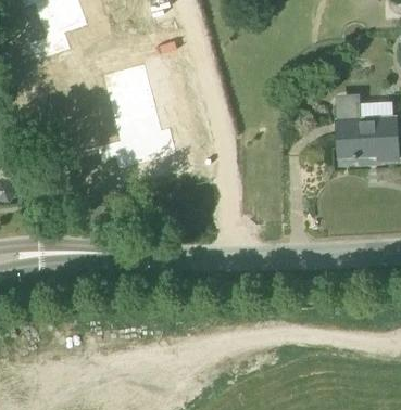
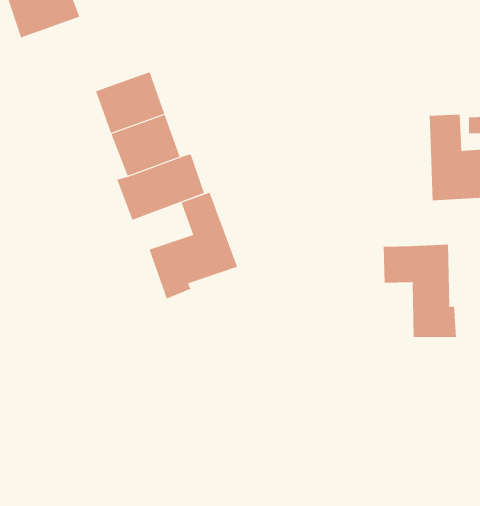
building: none -> [149,192,238,299]
building: none -> [383,244,456,338]

